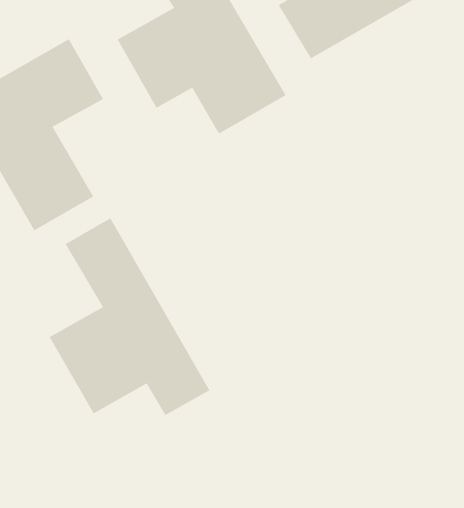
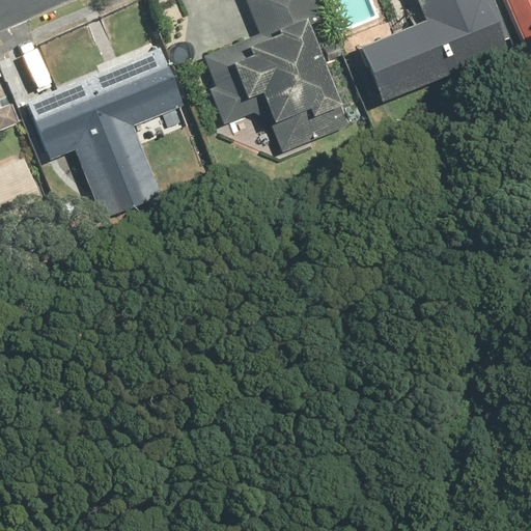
building: [49,218,210,416] -> none

